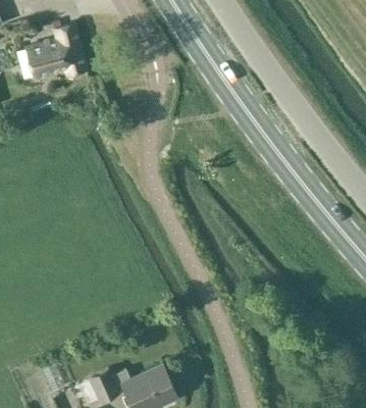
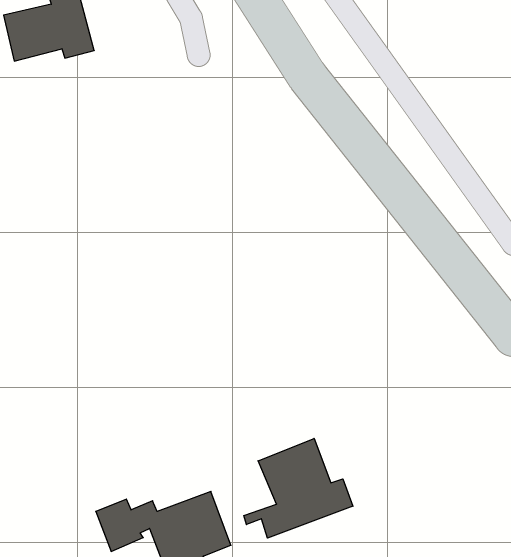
building: none -> [244,438,353,538]

